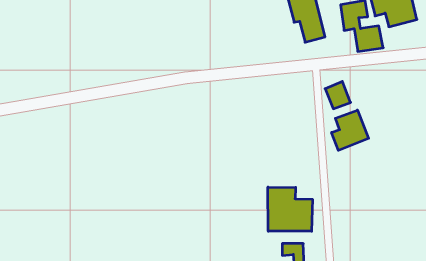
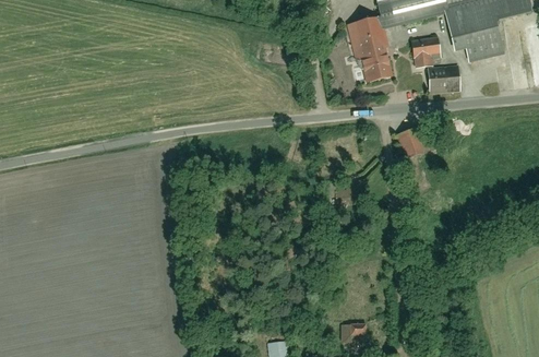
building: [332,110,369,150] -> none
building: [268,187,312,231] -> none

